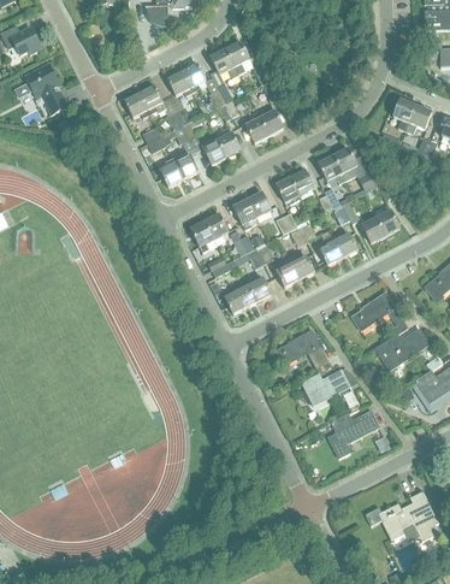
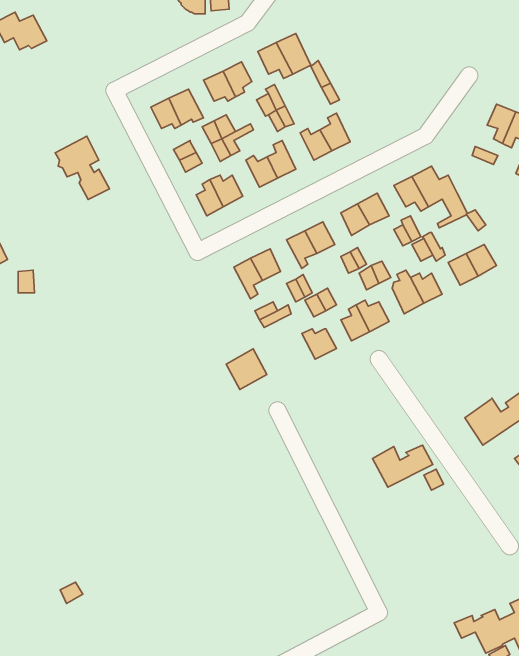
building: [24,63,67,113] -> [55,136,109,199]
building: [223,281,255,313] -> [226,349,267,390]
building: [351,291,407,334] -> none
building: [276,329,330,371] -> none
building: [328,409,379,456] -> none

